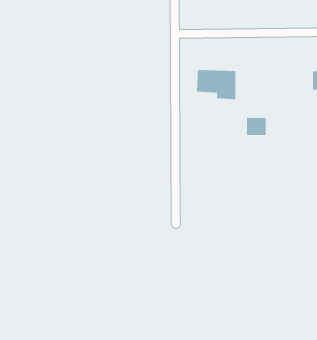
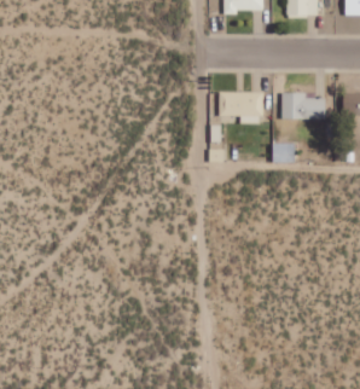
building: none -> [281,92,325,118]

